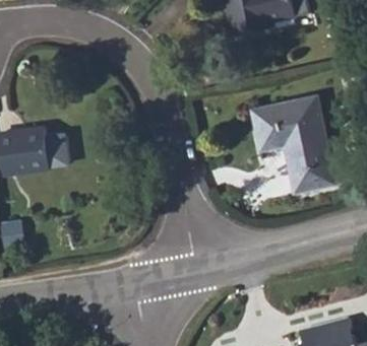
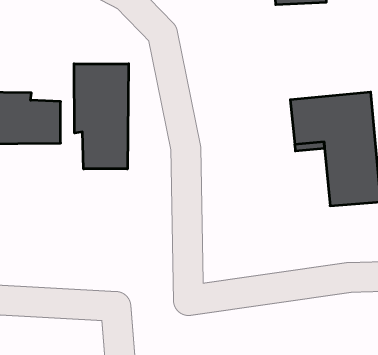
building: none -> [74,64,129,169]

